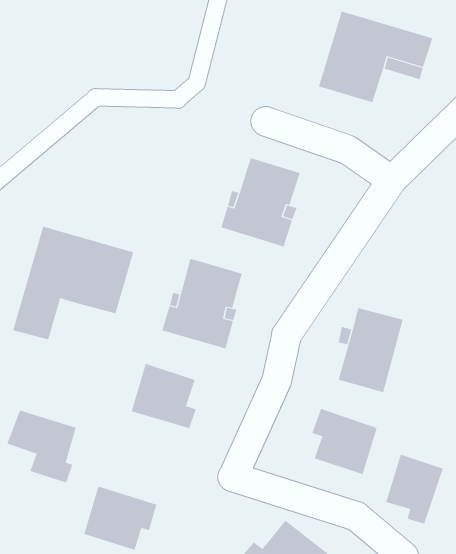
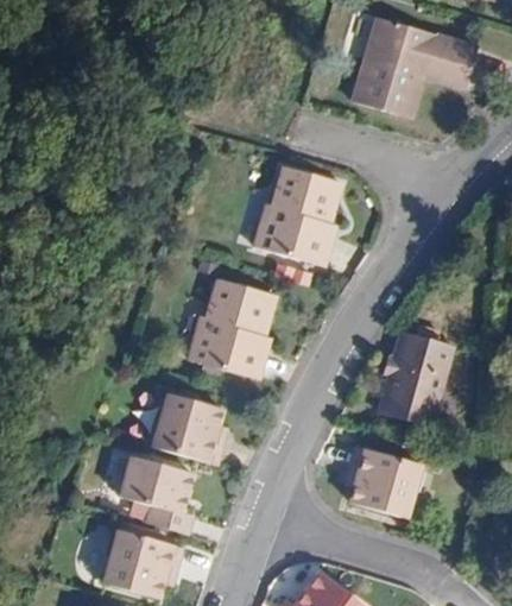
building: [12,226,134,340] -> none
building: [6,410,76,483] -> [122,455,198,535]
building: [386,454,443,524] -> none

